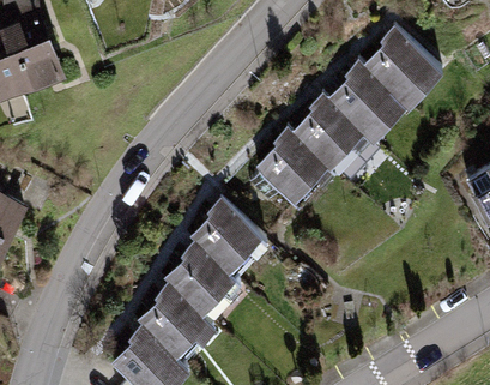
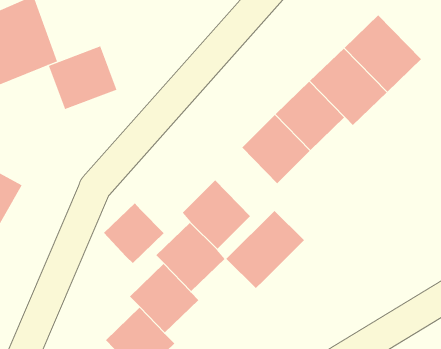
building: none -> [48,46,117,110]
building: none -> [103,202,164,264]
building: none -> [226,210,305,289]

